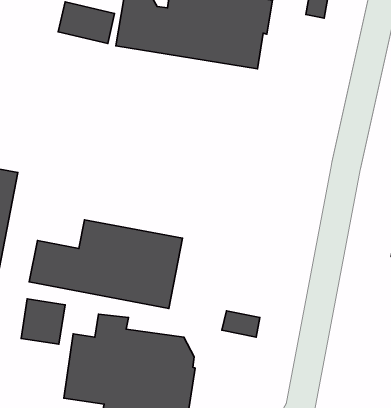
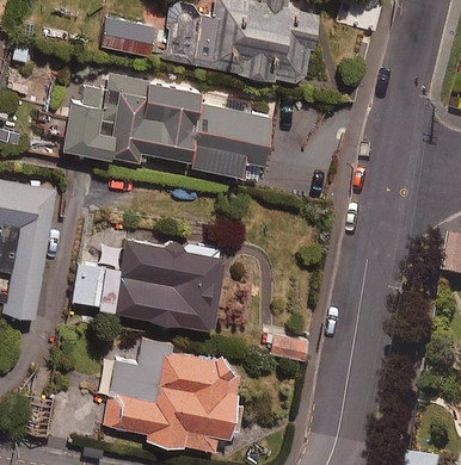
building: none -> [63,75,275,178]
building: [21,299,65,344] -> none

